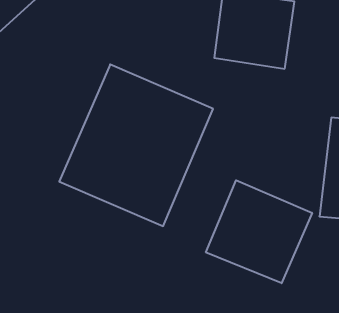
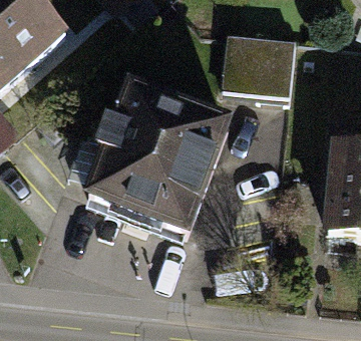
building: [206,180,312,283] -> none

